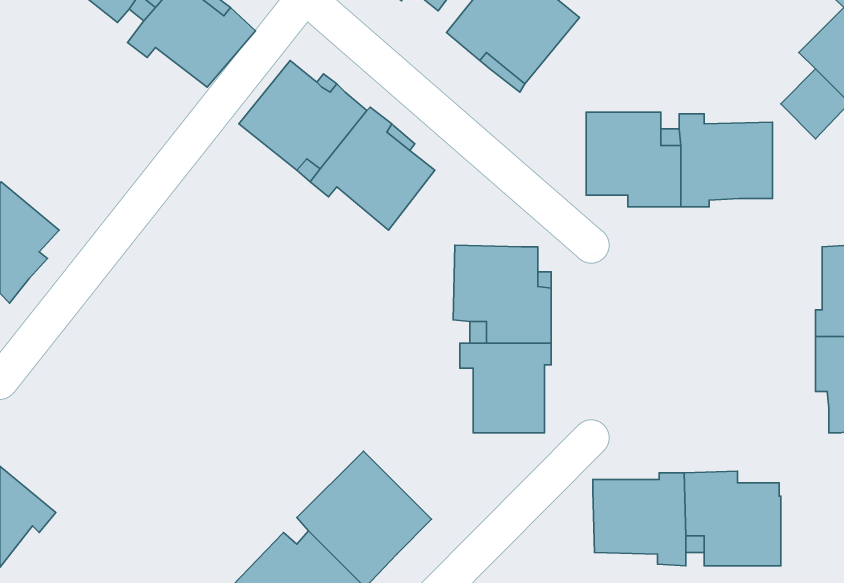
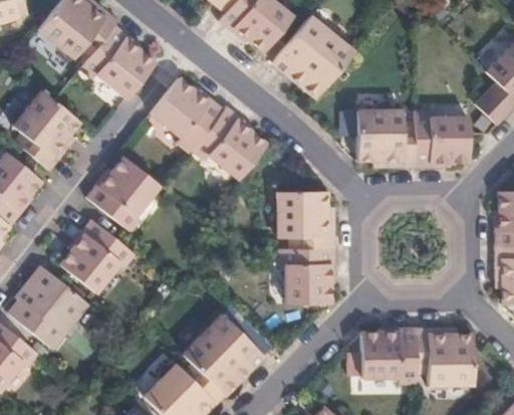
building: none -> [12,90,78,169]
building: none -> [85,157,157,231]
building: none -> [59,219,133,291]
building: none -> [7,265,87,348]

